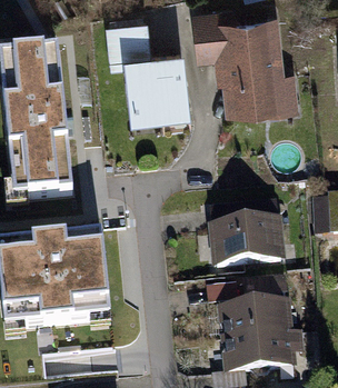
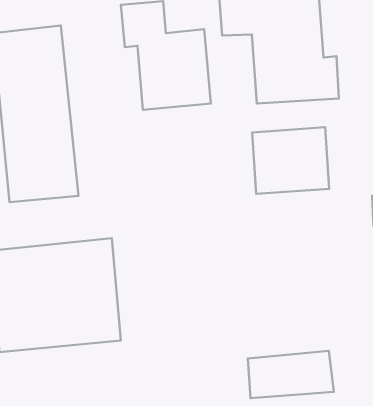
building: [212,201,279,259] -> [252,127,329,194]
building: [219,275,291,334] -> none

